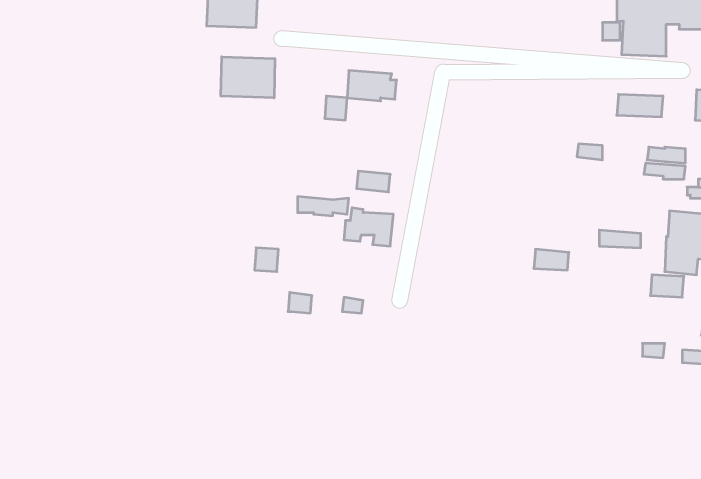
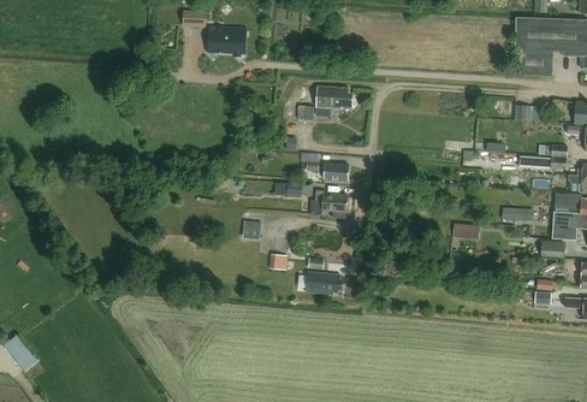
building: [221,57,275,98] -> none
building: none -> [302,272,338,294]

